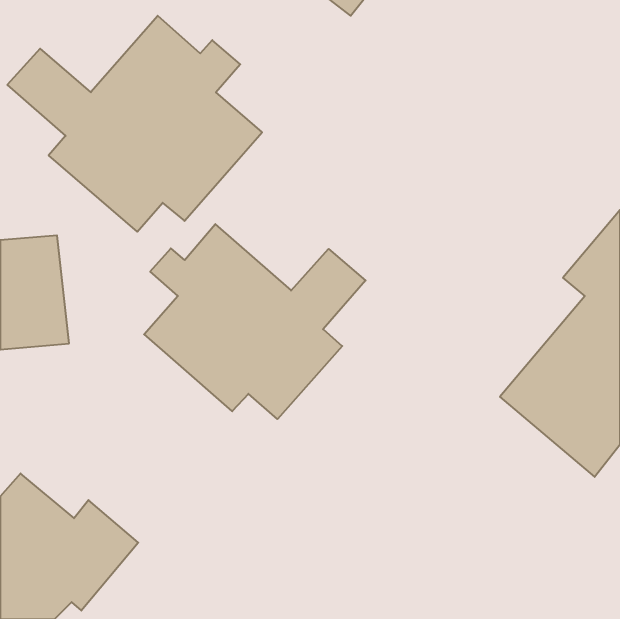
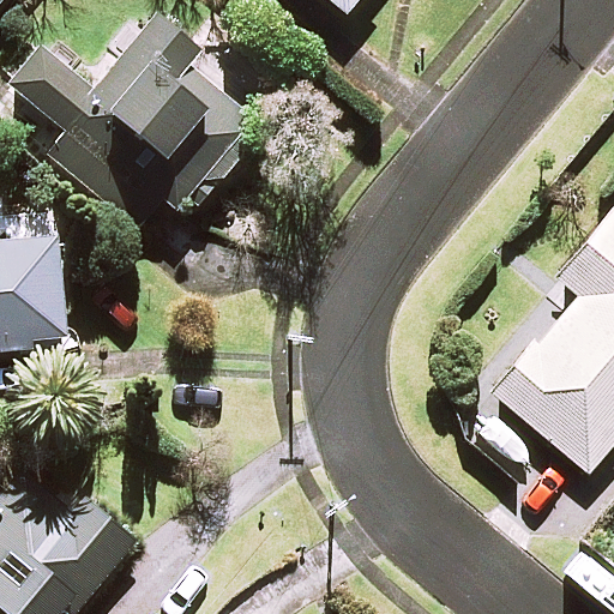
building: [144,224,366,419] -> none

